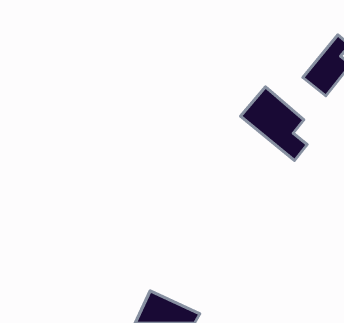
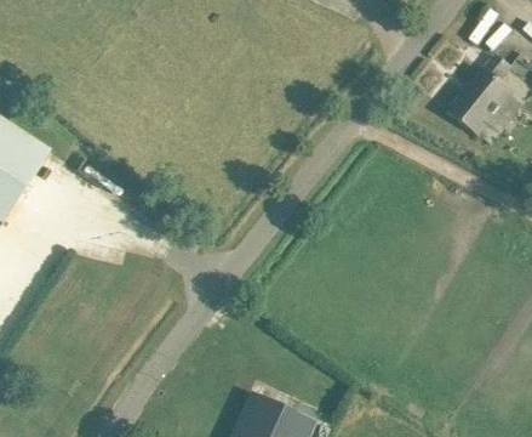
building: [241,87,307,160] -> none

